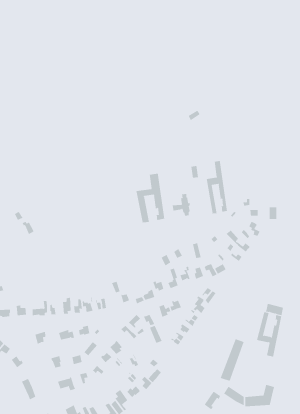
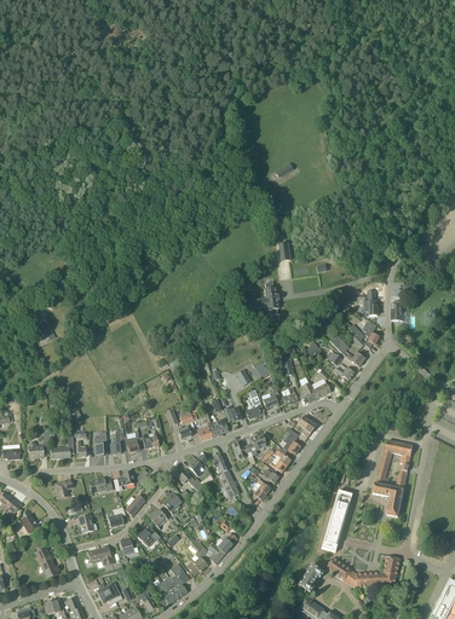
building: [206,160,227,215] -> none
building: [136,173,165,224] -> none

